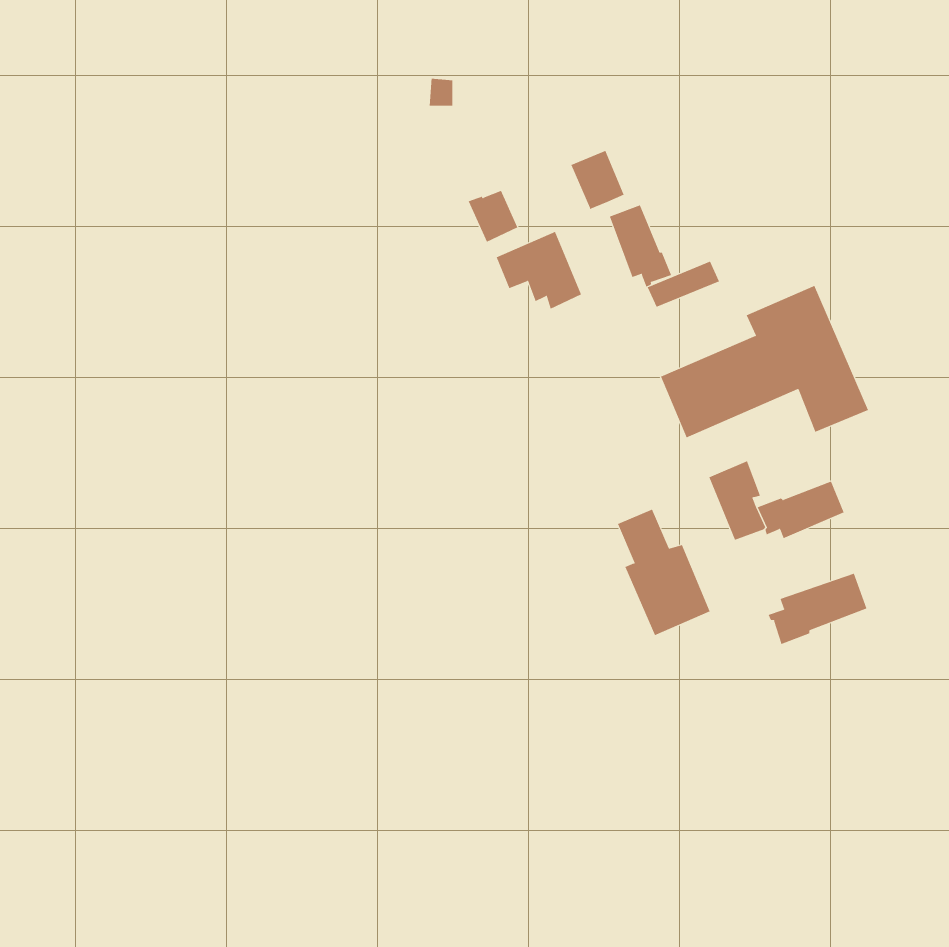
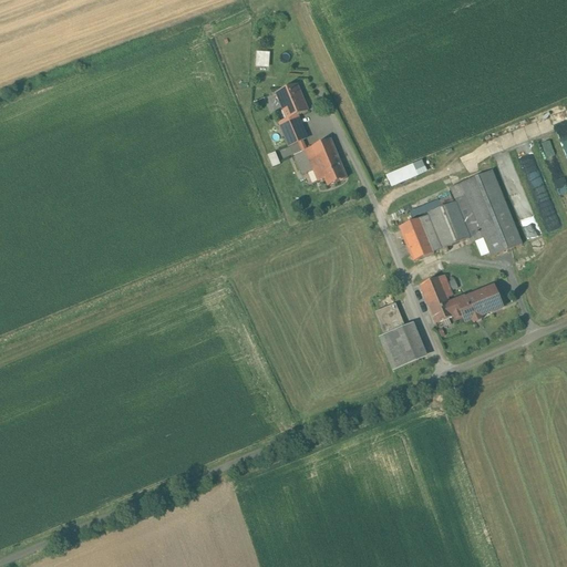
building: [571,150,625,210] -> [278,82,310,117]
building: [609,204,672,287] -> none
building: [768,573,867,645] -> none

